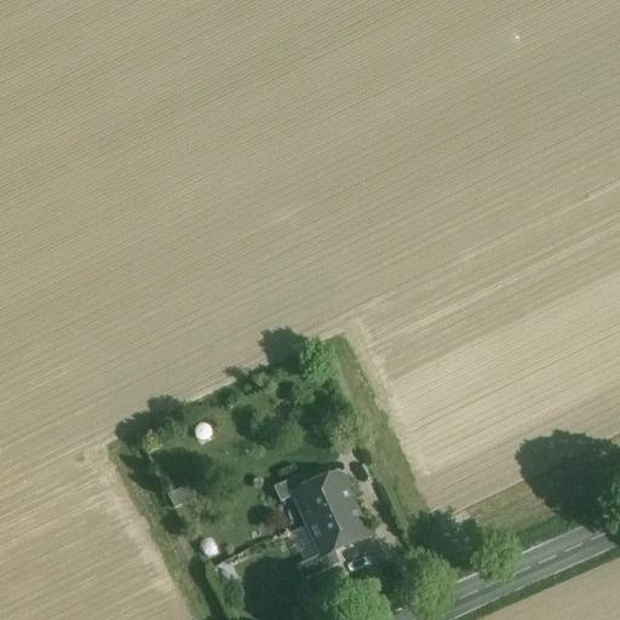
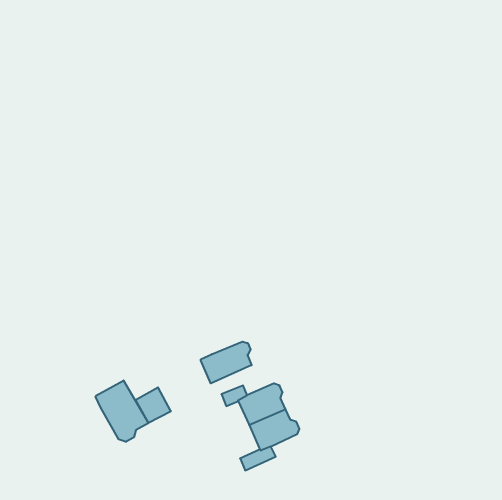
building: none -> [201,342,252,383]
building: none -> [96,380,148,442]

